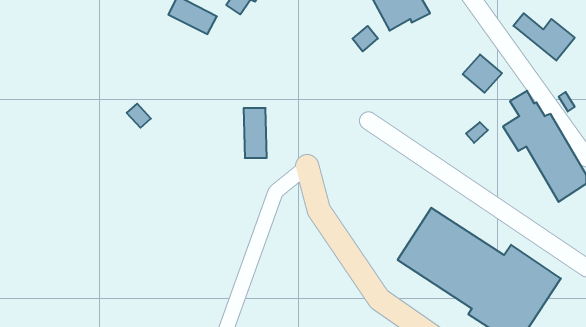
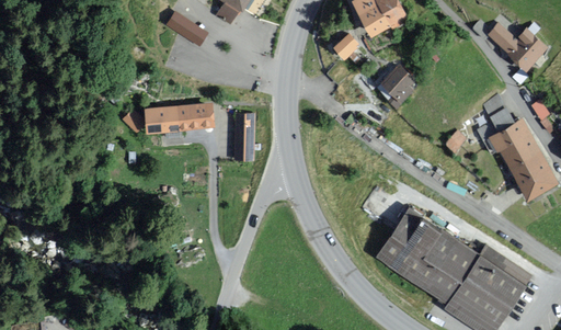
building: [463,54,502,93] -> [376,68,413,104]
building: none -> [146,101,215,133]

